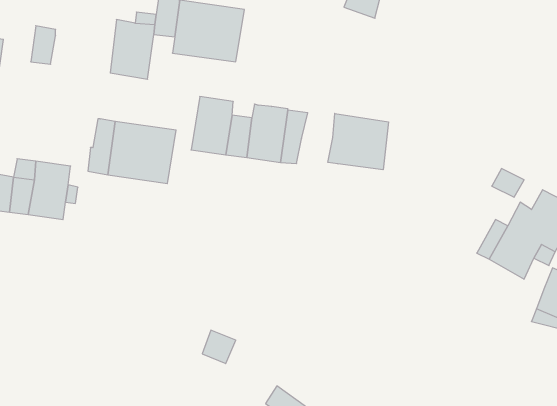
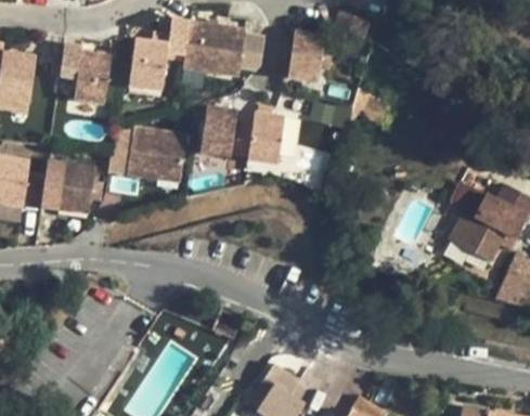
building: none -> [287,31,324,81]
building: none -> [74,53,111,103]
building: [328,113,388,170] -> none

